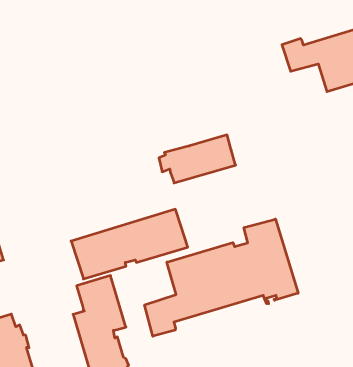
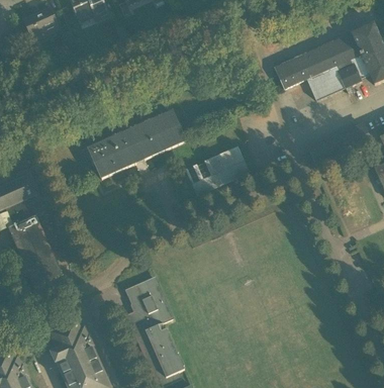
building: [71,209,188,279] -> [87,110,185,178]
building: [145,219,298,336] -> none

